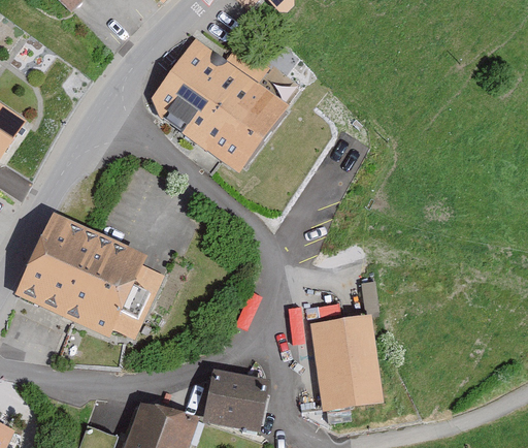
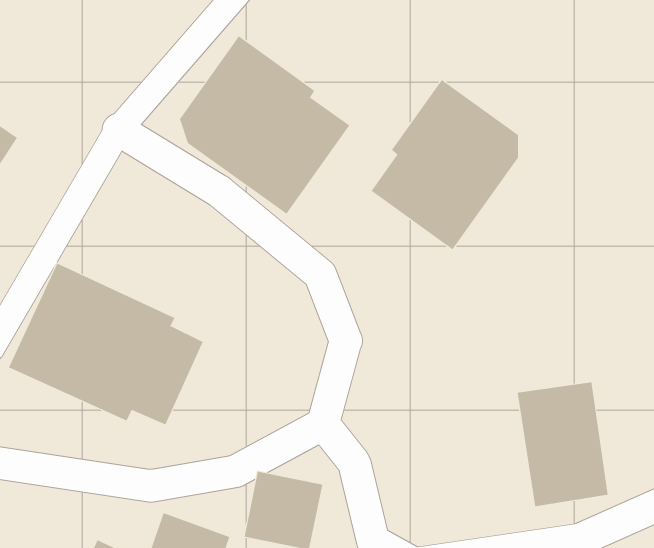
building: none -> [371,79,519,250]
building: [308,312,378,408] -> [517,382,608,507]

